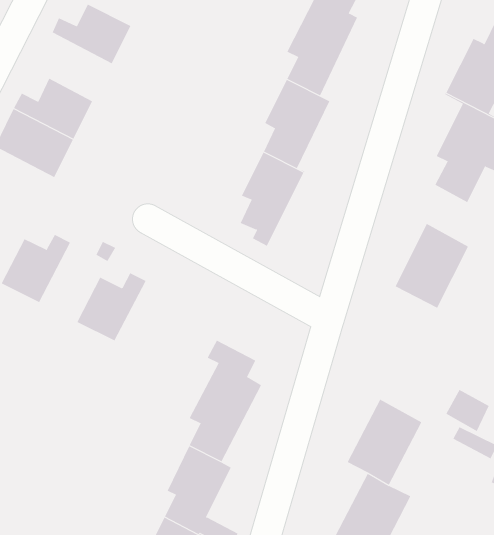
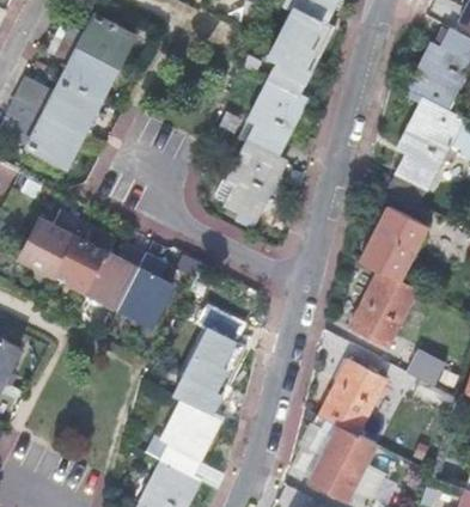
building: none -> [56,39,116,99]
building: none -> [53,222,105,292]
building: none -> [118,256,171,325]
building: none -> [352,261,417,346]

